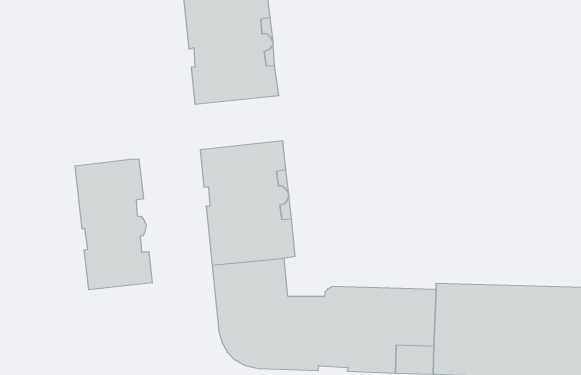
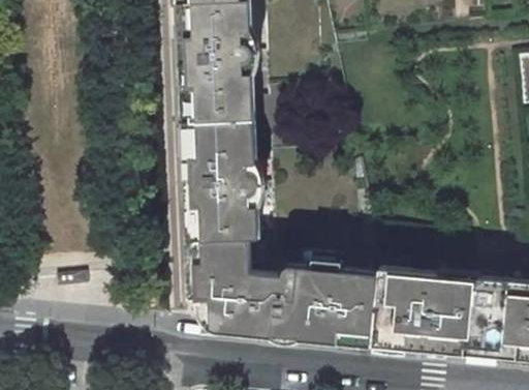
building: none -> [183,98,256,141]
building: [75,159,152,290] -> none

